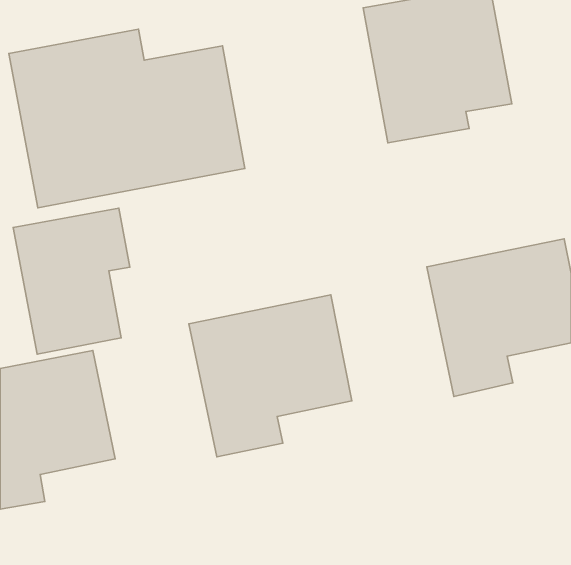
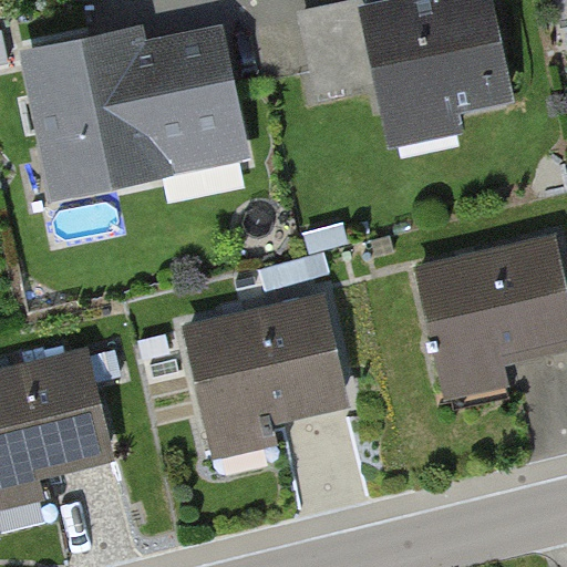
building: [13,208,130,354] -> none

